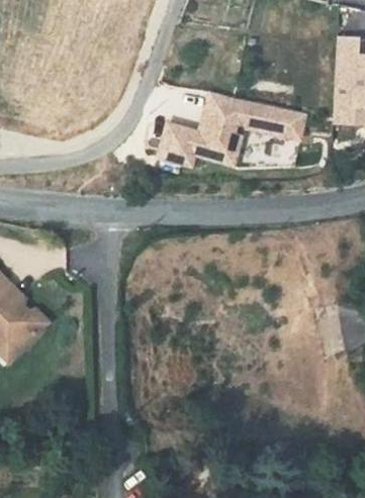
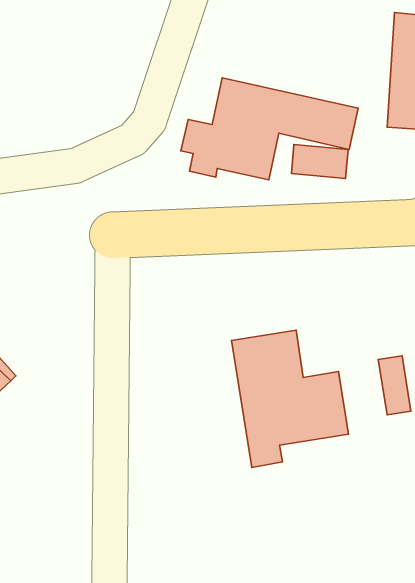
building: none -> [232,330,349,467]

